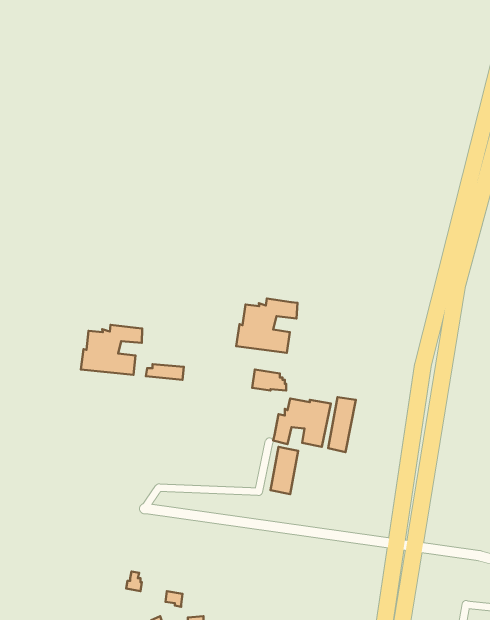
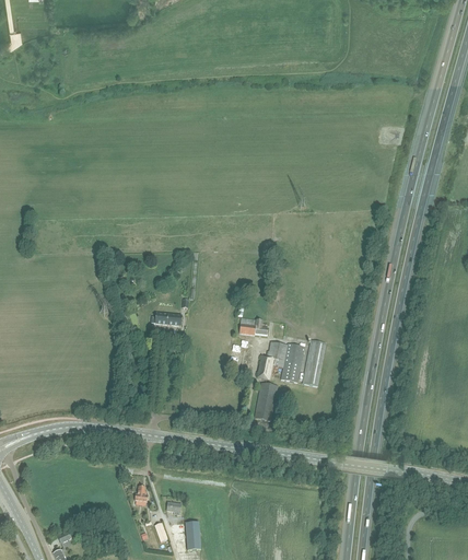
building: [236,299,298,353] -> none
building: [81,325,142,375] -> none

